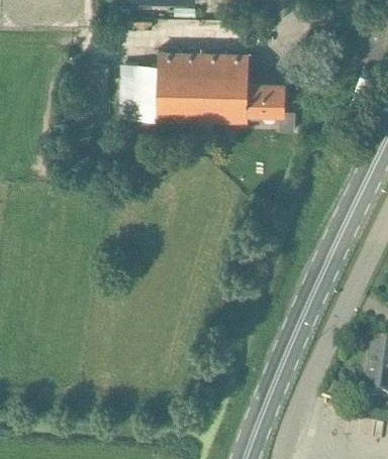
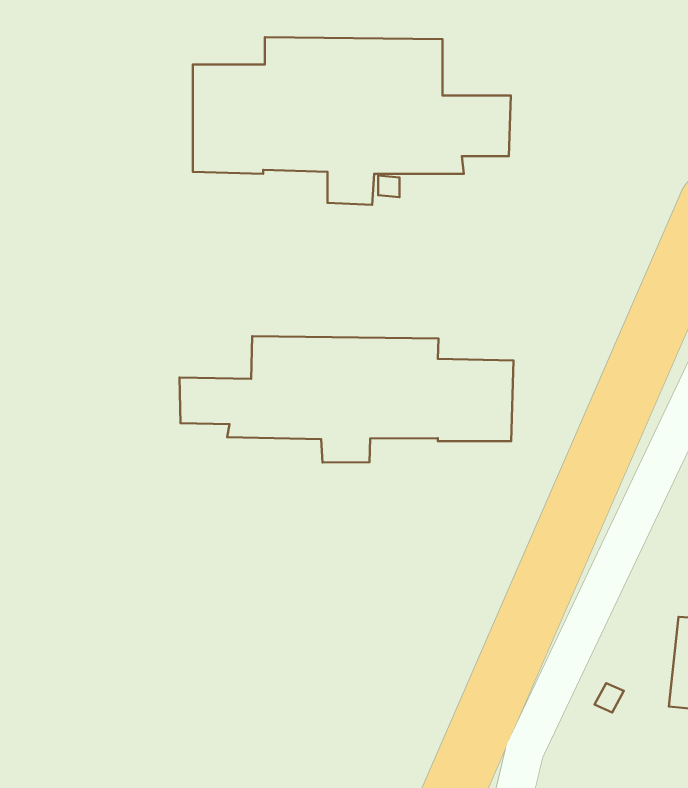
building: none -> [180,336,513,463]

